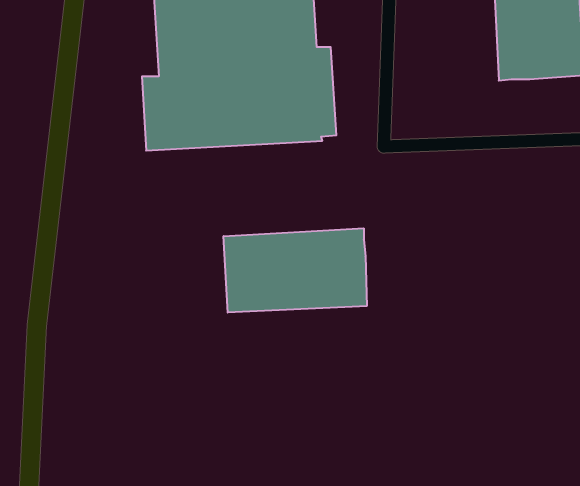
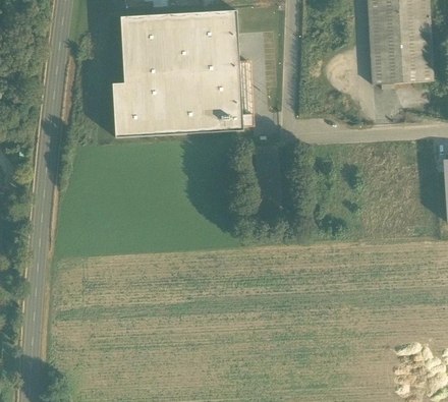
building: [224,228,367,313] -> none

